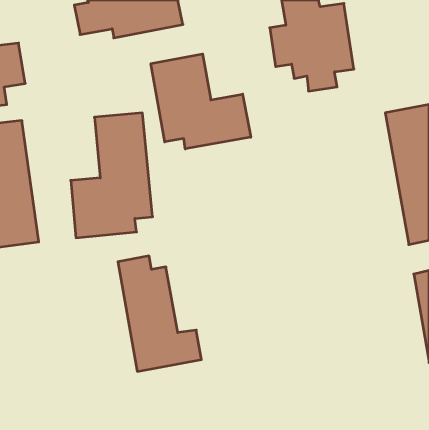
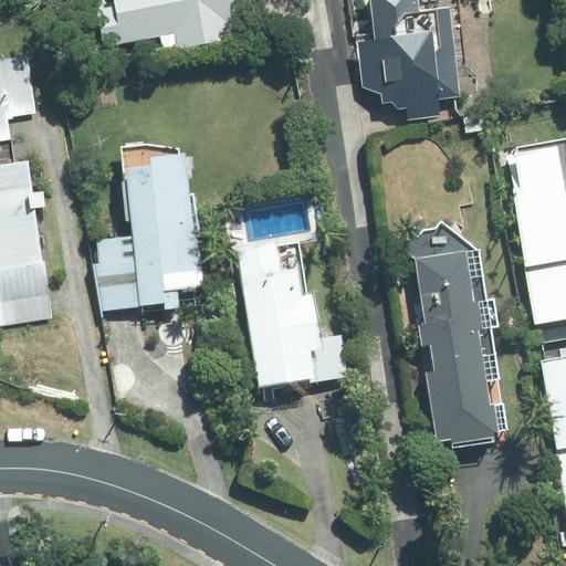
building: [151,54,251,149] -> none
building: none -> [411,247,499,449]
building: [118,256,201,371] -> [237,234,346,386]

